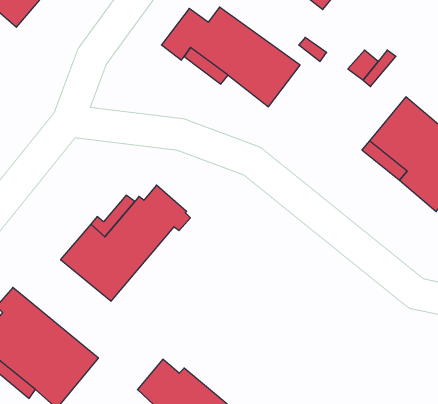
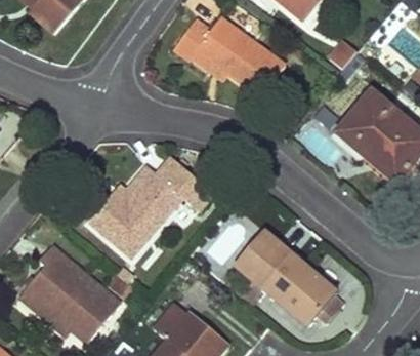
building: none -> [237,231,343,326]

